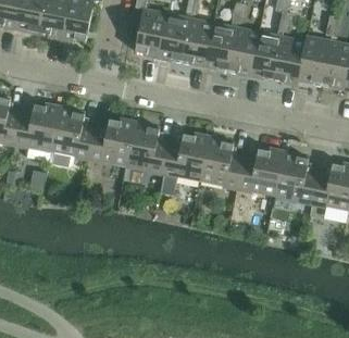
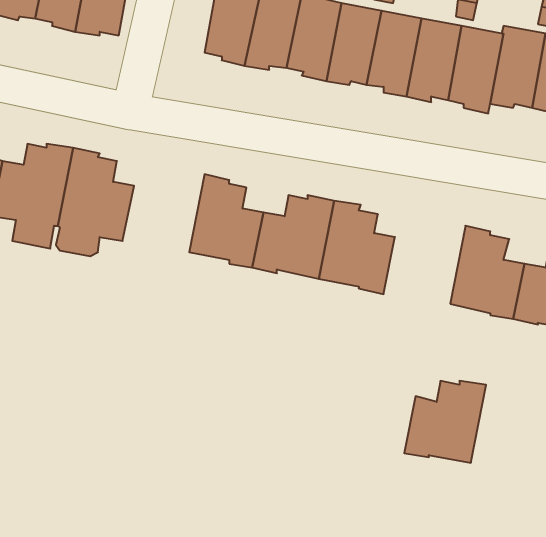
building: [88,117,135,165] -> none
building: [237,148,284,195] -> [404,381,486,463]

